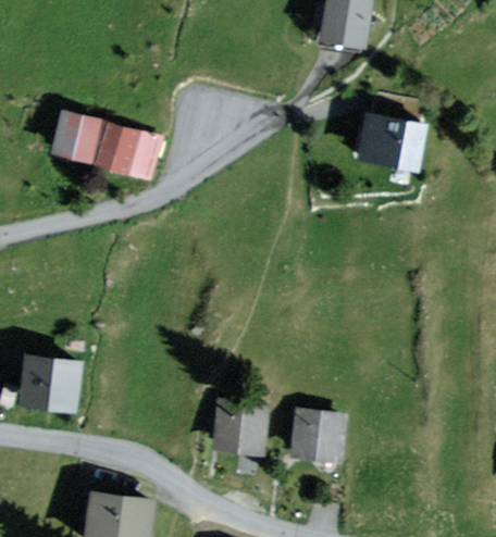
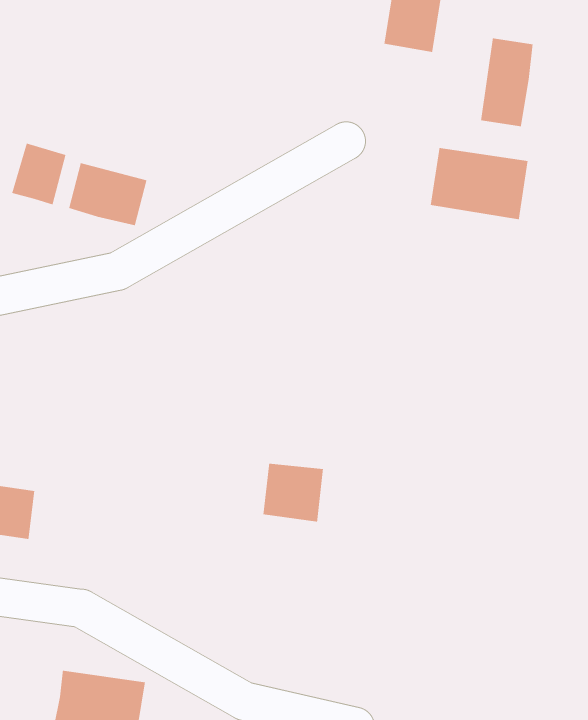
building: none -> [480,37,534,127]
building: [215,405,260,449] -> [262,463,324,522]
building: [293,414,338,455] -> none

